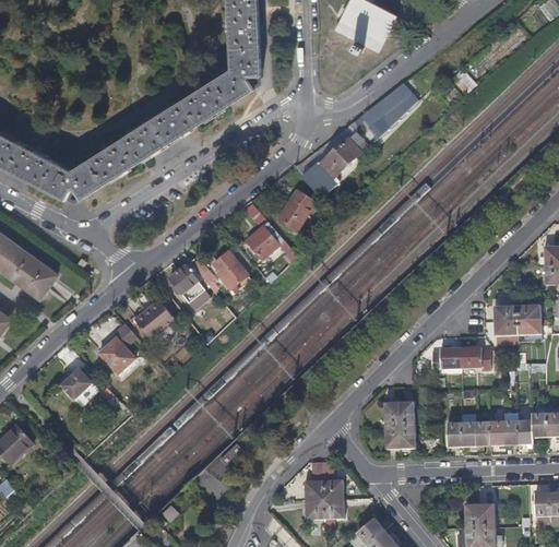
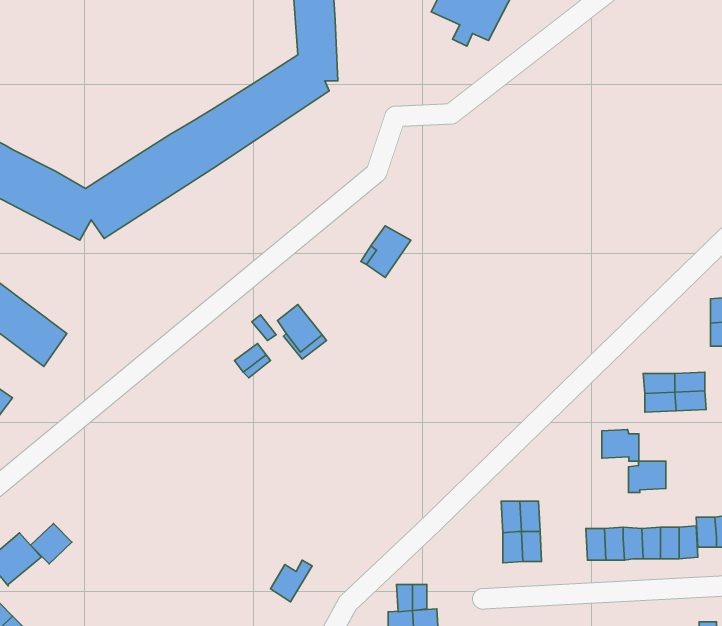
building: [360,80,419,136] -> none
building: [301,133,368,198] -> none
building: [245,221,286,260] -> none
building: [169,265,200,294] -> none
building: [135,295,176,335] -> none
building: [98,322,140,376] -> none
building: [433,347,462,371] -> [628,461,666,493]
building: [61,369,93,400] -> [30,524,72,564]

